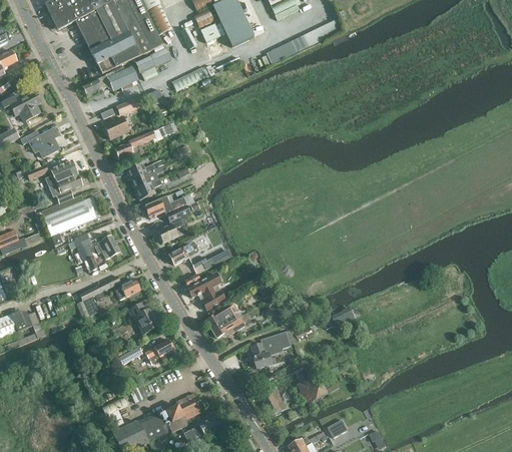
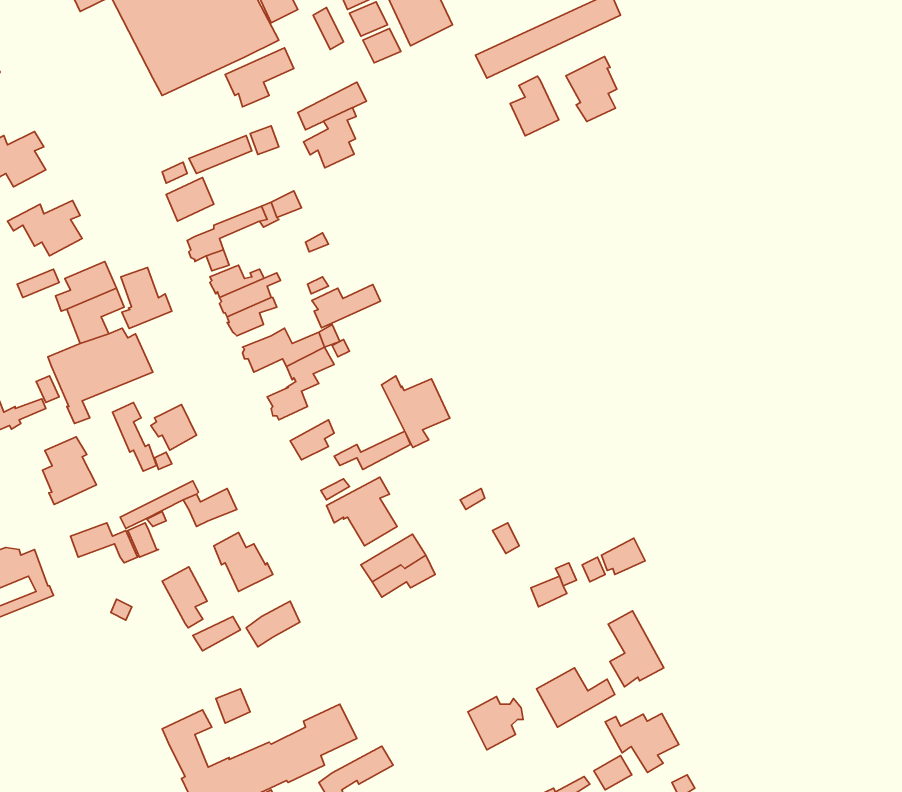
building: none -> [566,57,617,121]
building: none -> [510,76,559,136]
building: [105,65,138,90] -> none
building: none -> [304,108,356,168]
building: none -> [121,268,172,328]
building: none -> [312,285,380,328]
building: none -> [381,376,450,448]
building: none -> [43,437,97,504]
building: none -> [162,567,207,628]
building: [251,332,291,368] -> none
building: none -> [608,611,664,687]
building: none -> [605,714,679,772]

